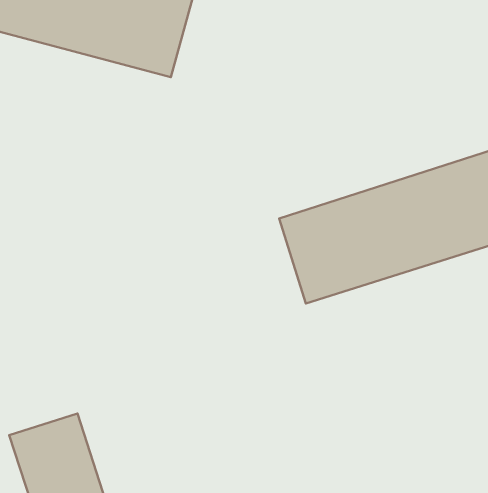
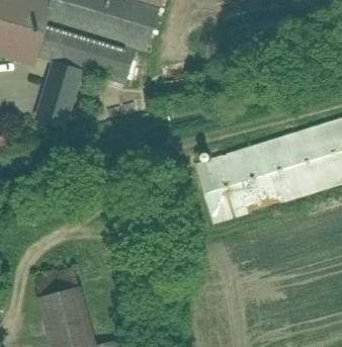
building: none -> [40,63,78,116]

